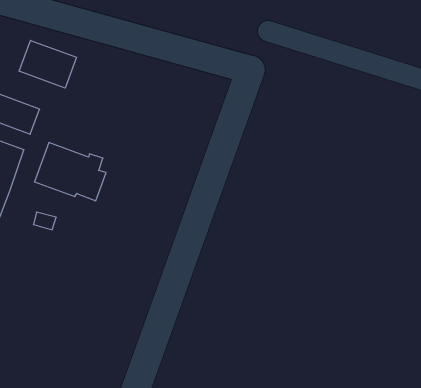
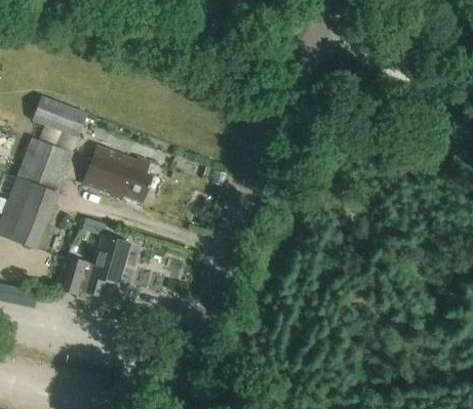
building: [19,40,76,88] -> none
building: none -> [57,235,131,296]

